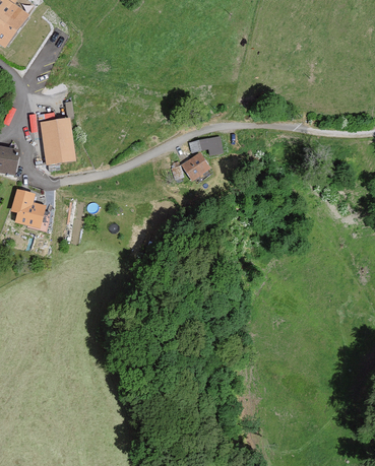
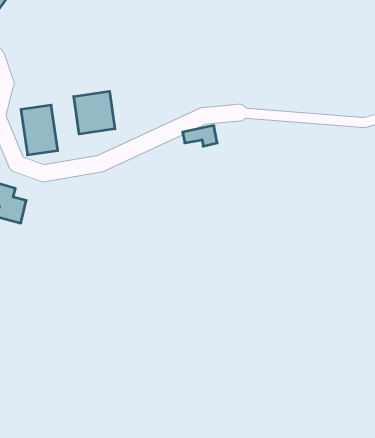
building: none -> [74,91,115,134]
building: [181,153,207,180] -> none

